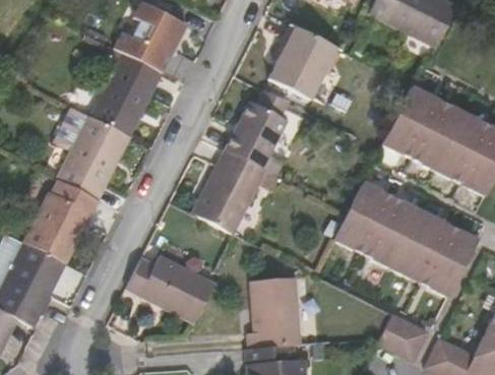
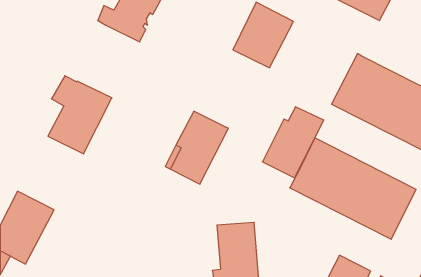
building: [91,52,163,135] -> none
building: [225,87,295,169] -> [262,107,324,178]
building: [23,179,99,263] -> none
building: [125,257,213,324] -> none

